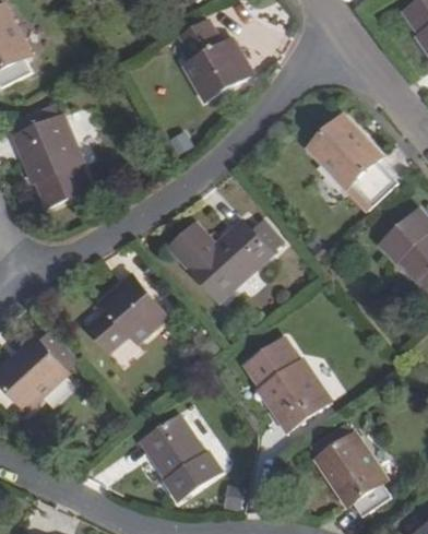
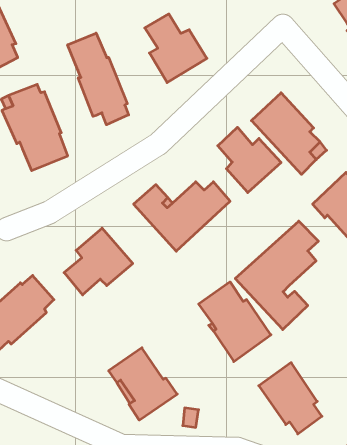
building: none -> [68,33,129,125]
building: none -> [218,127,281,193]
building: none -> [235,221,318,330]

